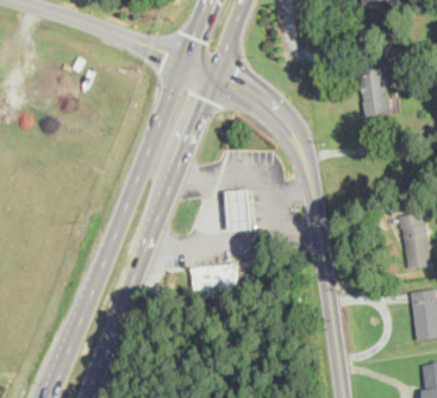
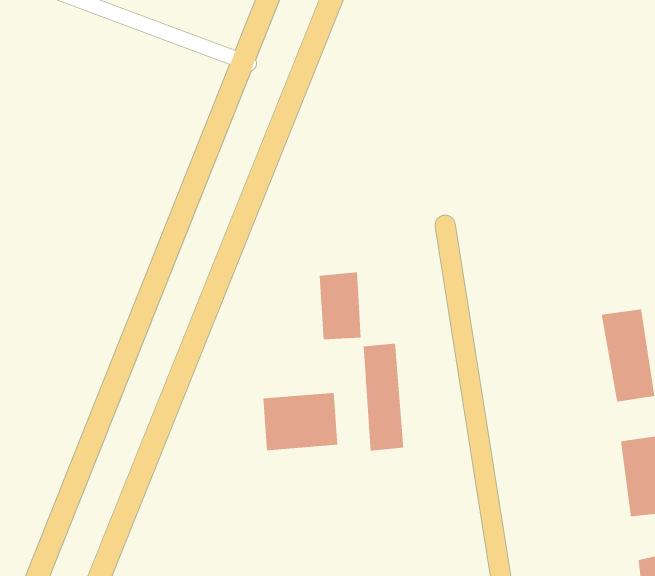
building: [357,67,394,116] -> none
building: none -> [363,343,404,451]

